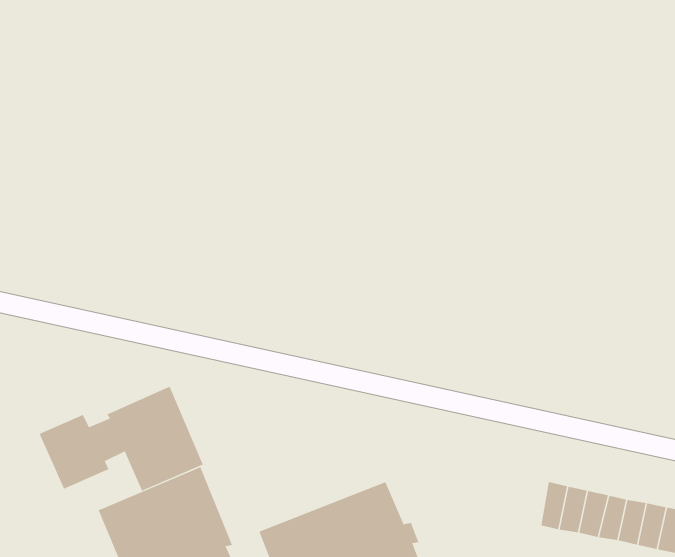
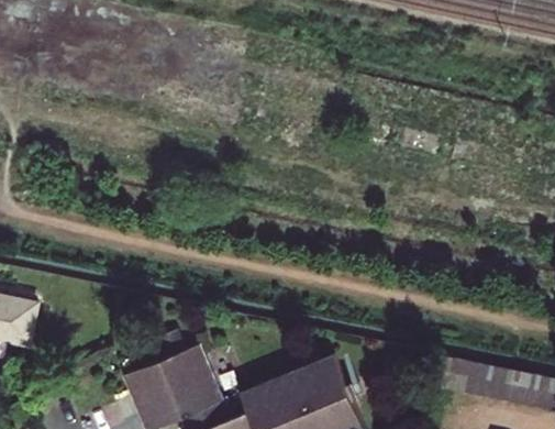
building: [39,386,204,491] -> none

